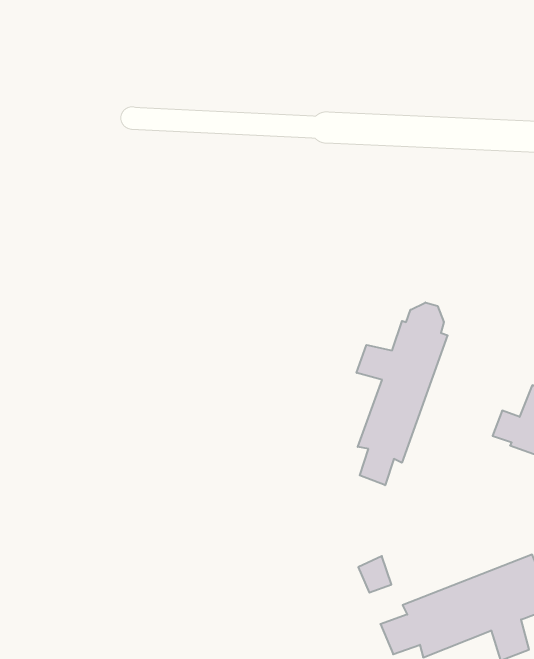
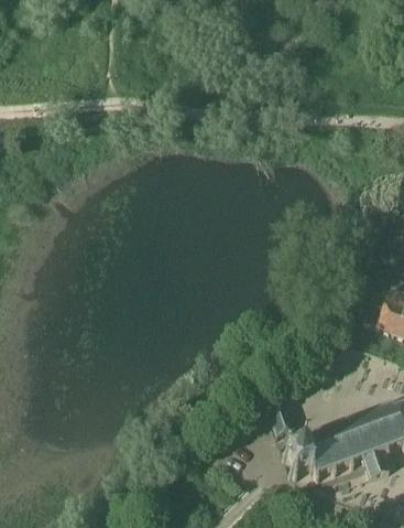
building: [357,302,448,485] -> none

